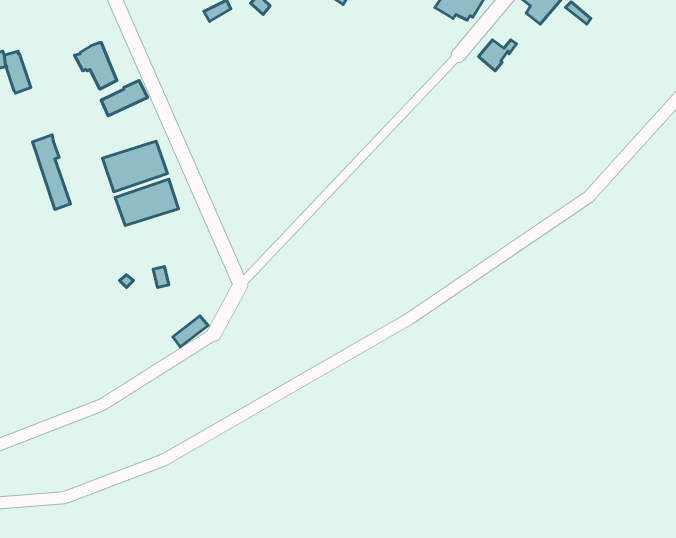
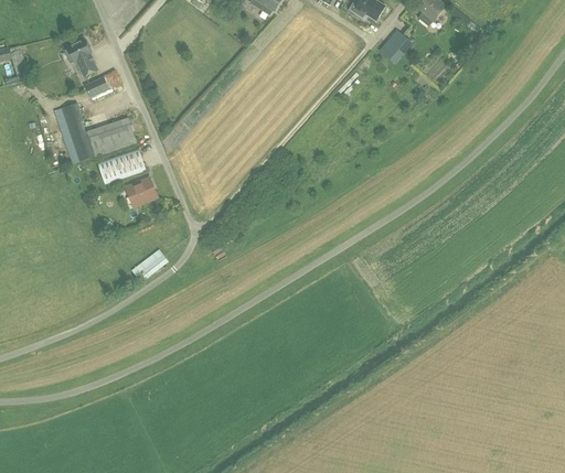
building: [32,135,70,210] -> [62,101,92,160]
building: none -> [125,176,157,205]

